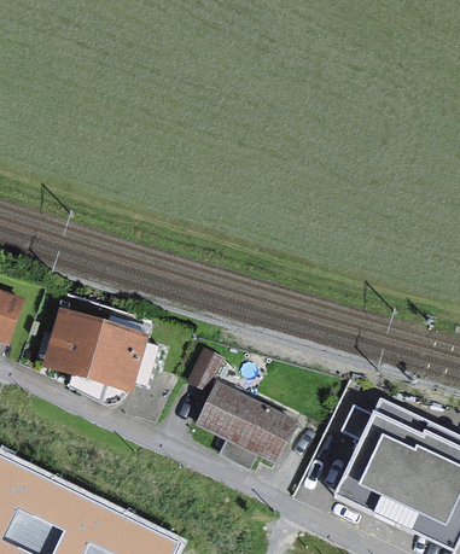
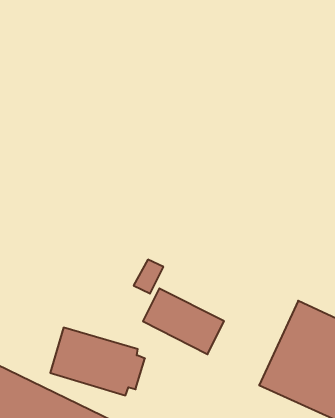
building: [42,309,153,389] -> [50,328,145,395]

